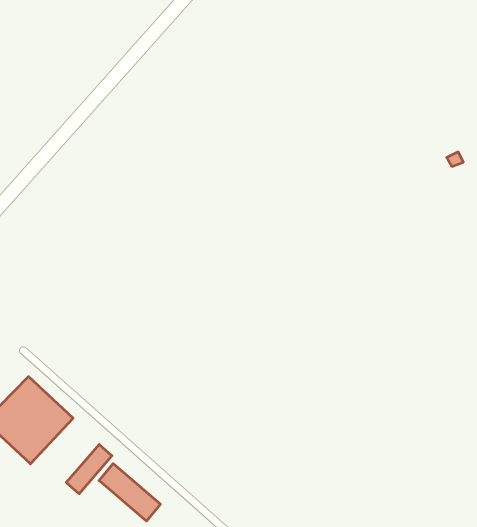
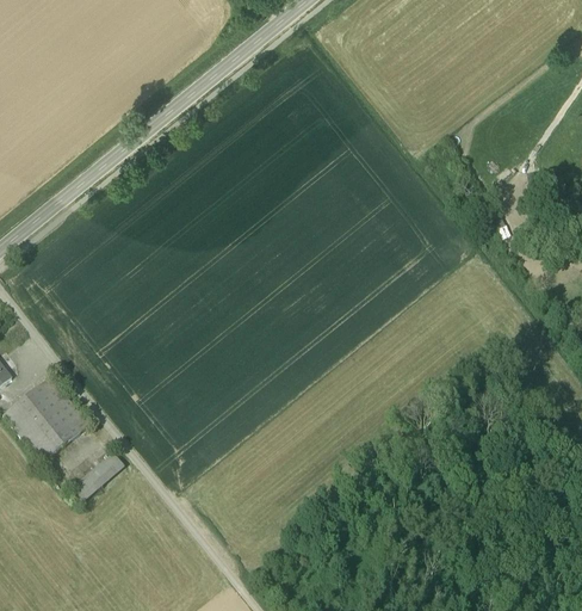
building: [99,464,160,521] -> none

